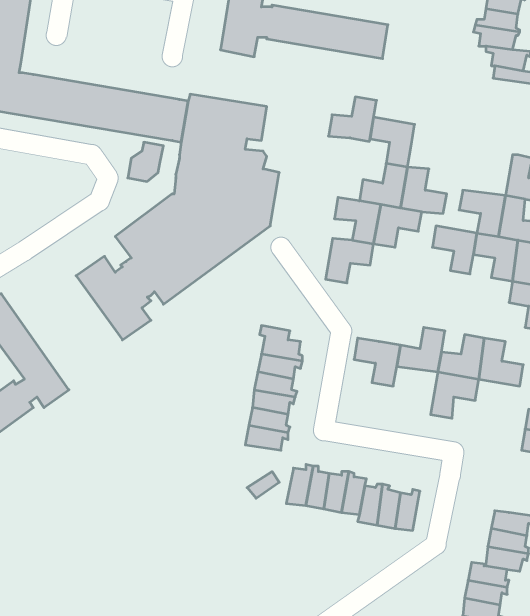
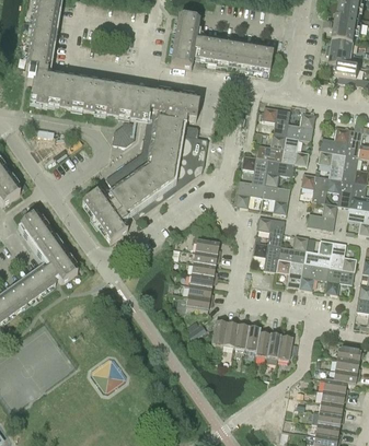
building: [328,97,377,141] -> [285,110,314,138]
building: none -> [319,125,349,152]
building: none -> [262,181,289,212]
building: none -> [307,200,336,228]
building: none -> [256,214,284,244]
building: none -> [276,257,303,286]
building: none -> [324,265,354,293]

